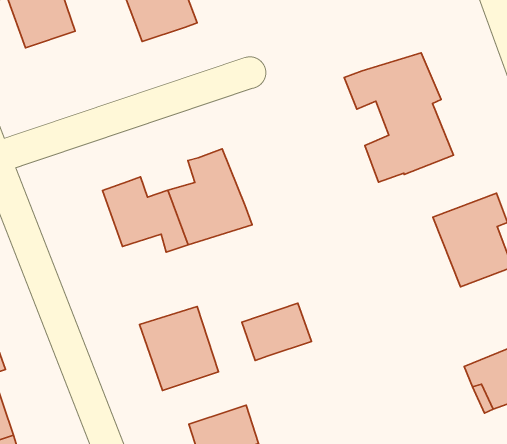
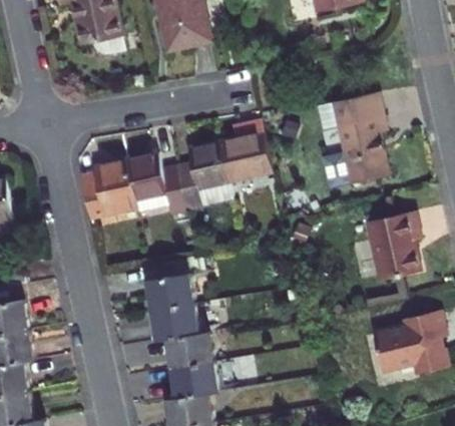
building: none -> [216,124,275,186]
building: none -> [80,159,131,210]
building: [242,303,311,360] -> [145,308,195,346]

